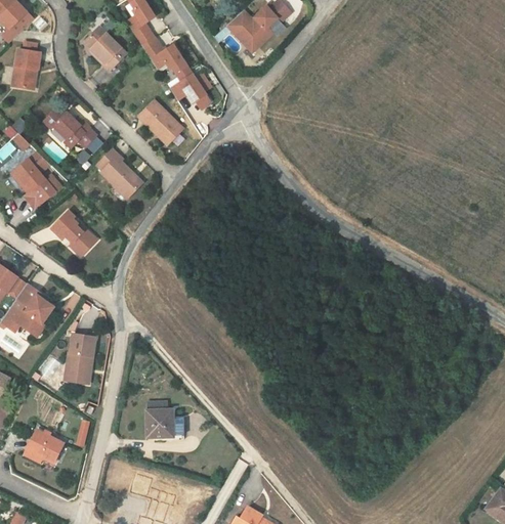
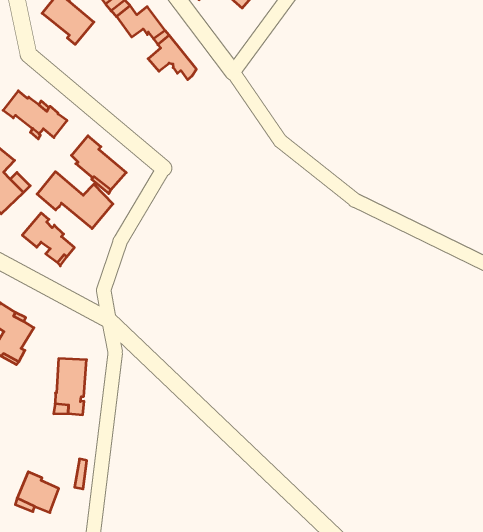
building: [137,100,183,146] -> none
building: none -> [37,172,113,229]
building: [145,401,174,438] -> none

